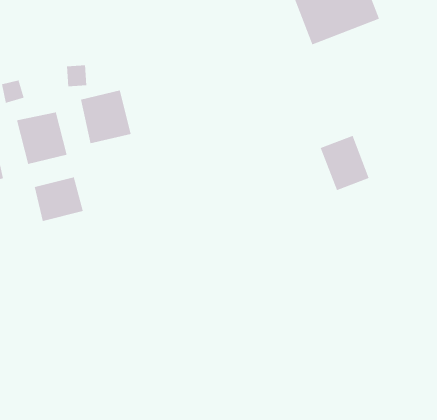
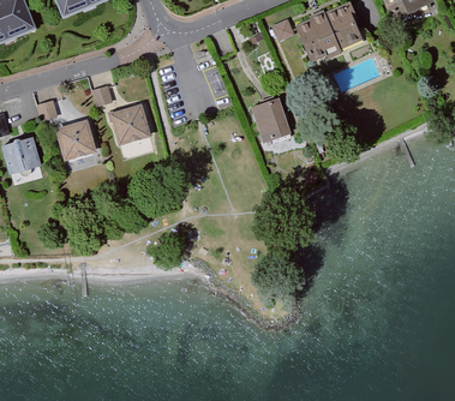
building: [320,135,370,191] -> [249,98,292,146]
building: [34,177,84,222] -> none

